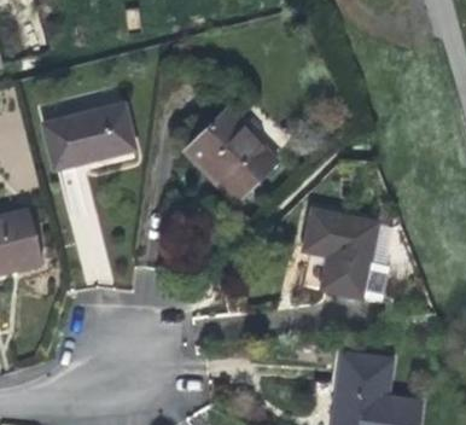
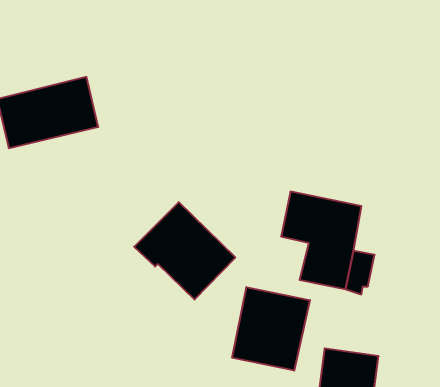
building: [182,109,275,198] -> [134,202,235,300]
building: none -> [232,287,310,371]

